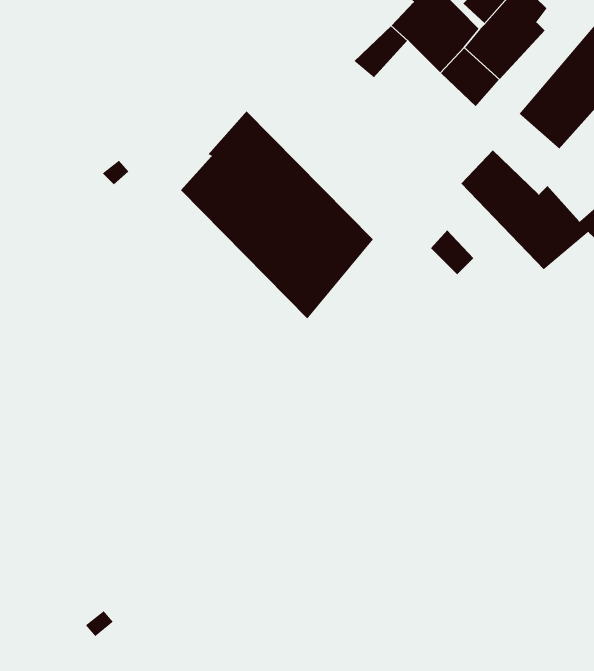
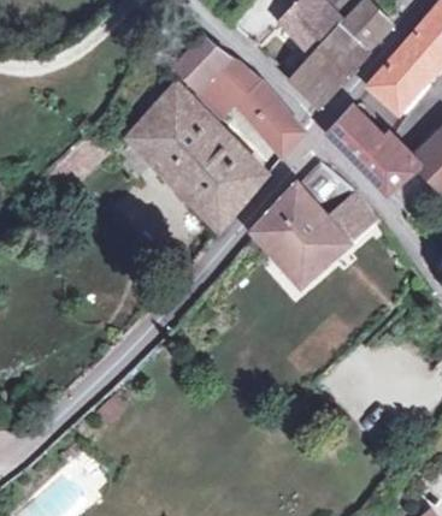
building: none -> [176,32,303,153]
building: none -> [291,54,340,105]
building: none -> [253,180,377,283]

